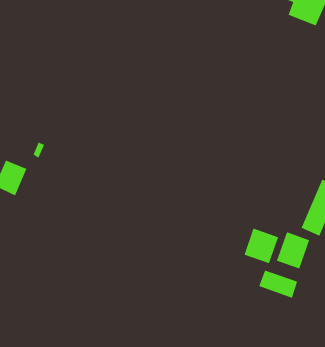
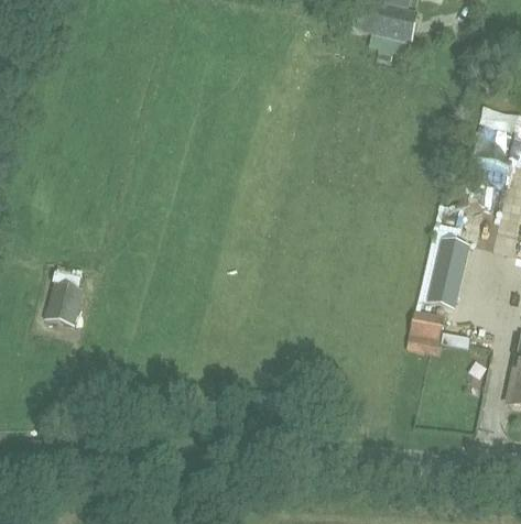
building: [244,228,279,264] -> none
building: [258,269,298,299] -> none

